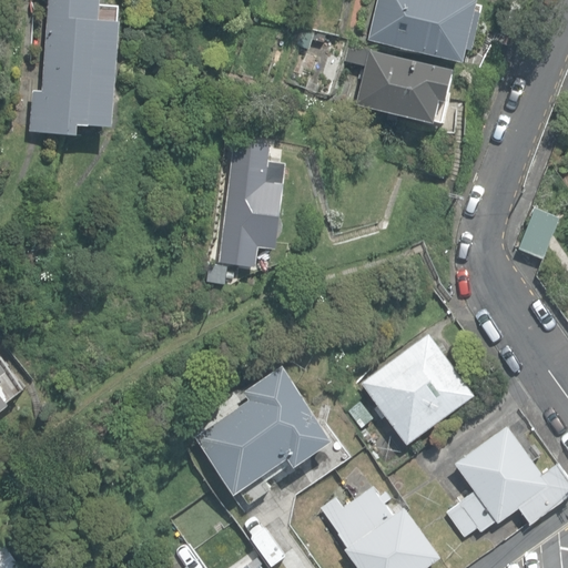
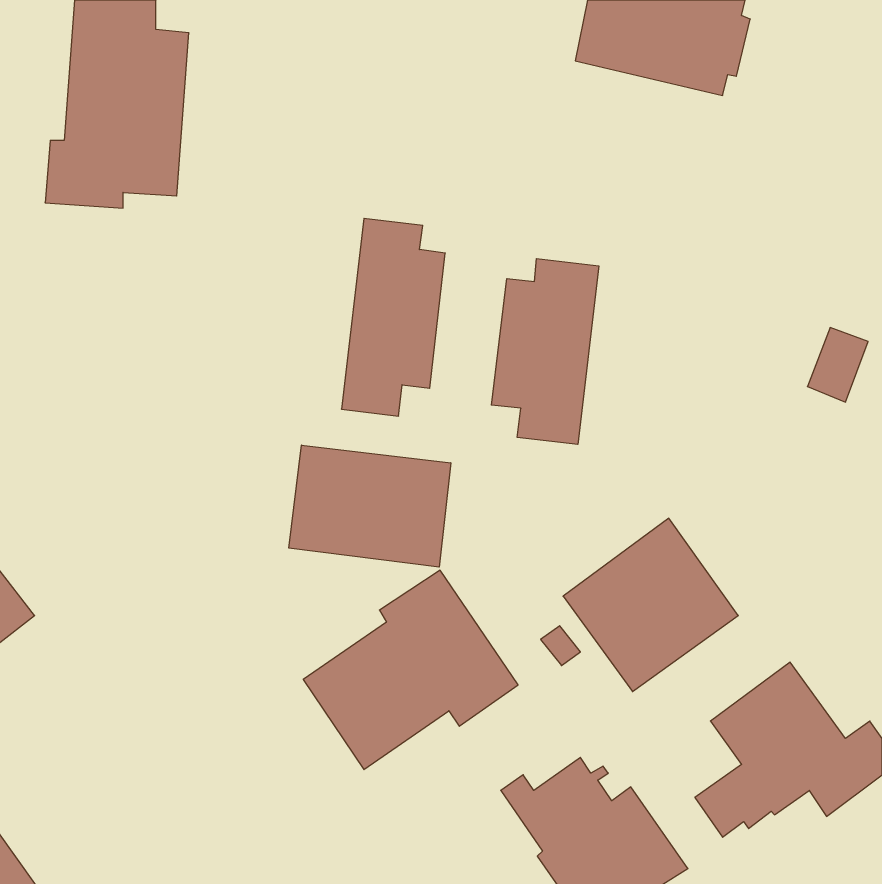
building: [344,45,453,123] -> none
building: none -> [491,259,599,444]
building: none -> [289,445,451,567]

